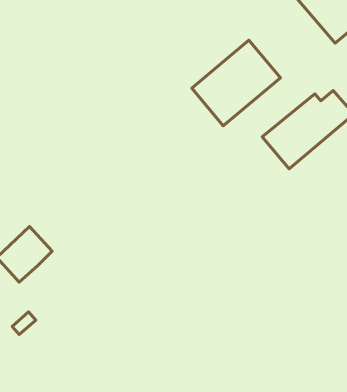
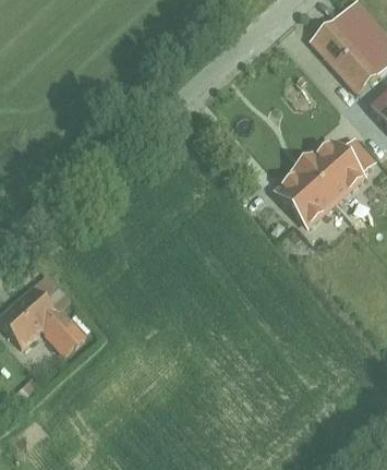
building: [192,40,280,126] -> none
building: none -> [41,308,86,352]

